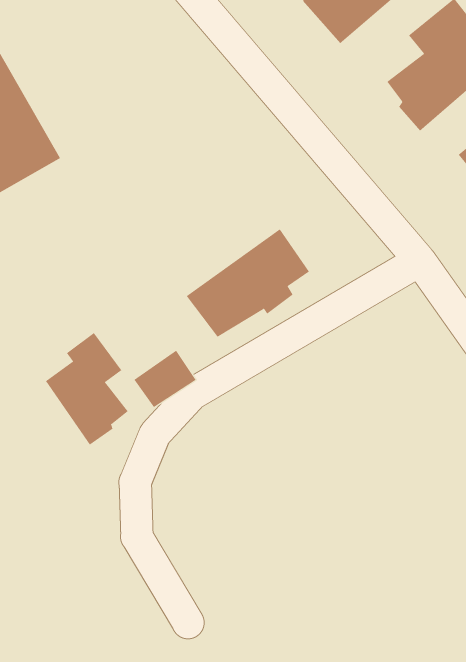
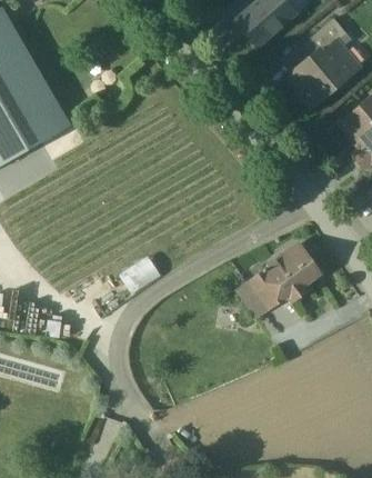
building: [186,228,310,338] -> [237,243,320,317]
building: [45,332,128,445] -> none

